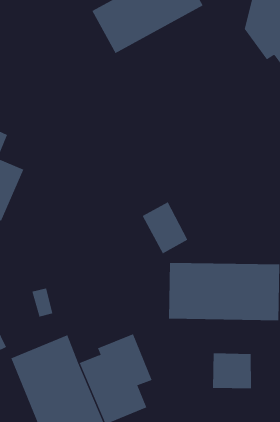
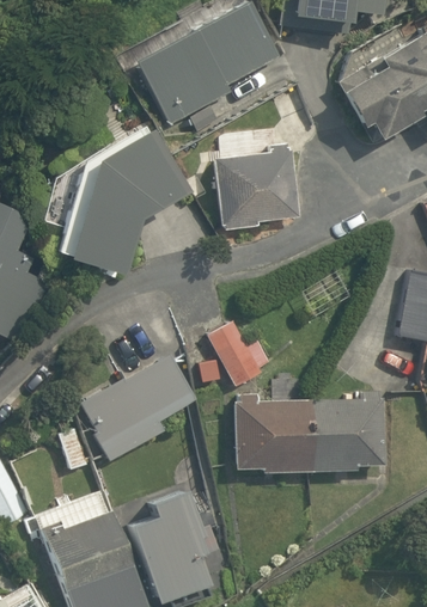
building: none -> [61,125,191,280]
building: none -> [216,140,295,227]
building: none -> [81,355,196,458]
building: [213,353,252,389] -> none

